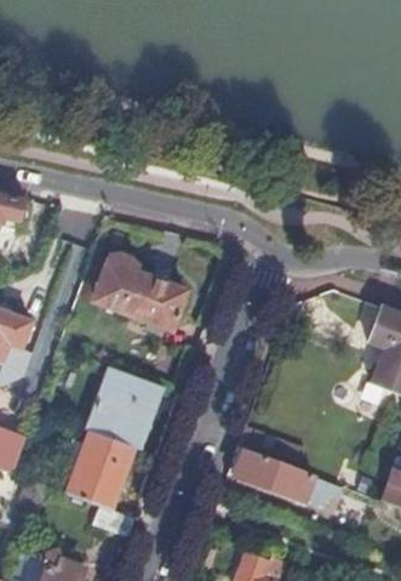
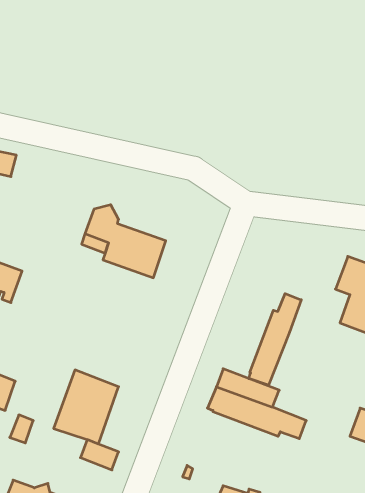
building: none -> [249,294,301,385]
building: [87,368,159,448] -> none

